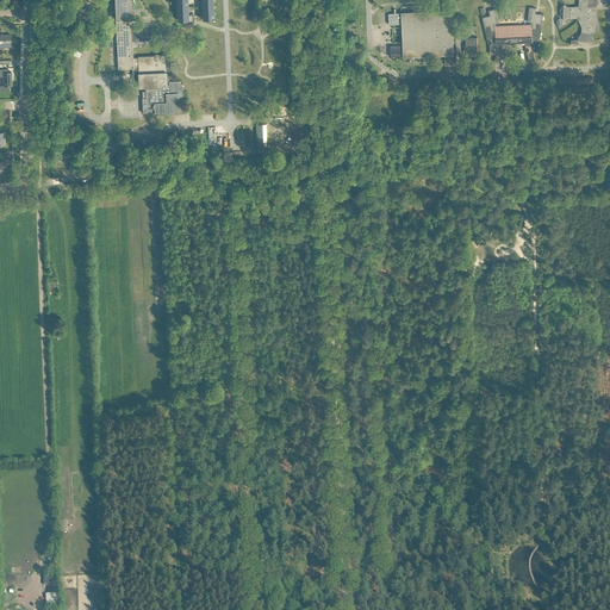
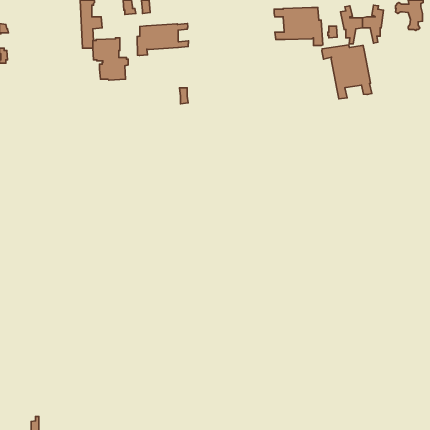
building: none -> [137,23,188,56]
building: none -> [322,45,372,99]

